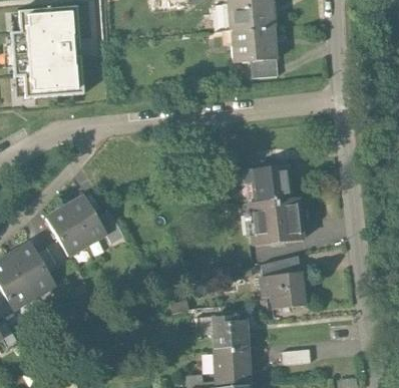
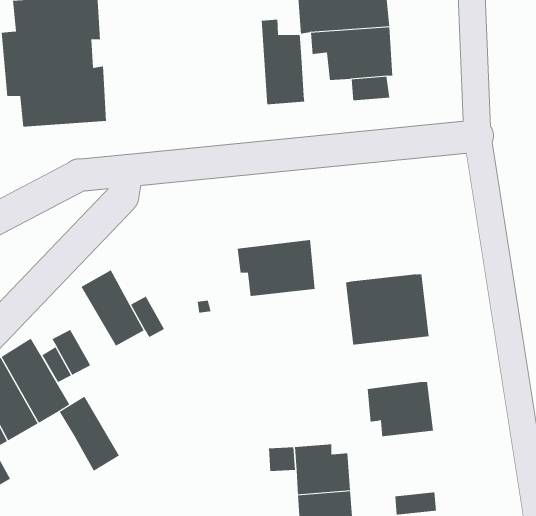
building: none -> [261,19,305,105]
building: [242,162,296,202] -> [237,240,315,296]
building: [46,206,88,258] -> [59,396,120,471]
building: [261,253,300,276] -> none

